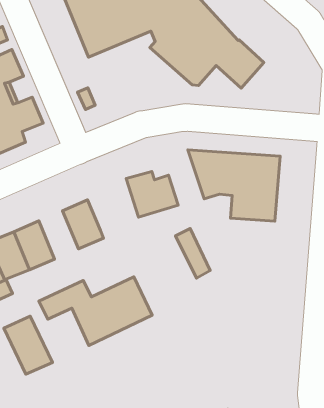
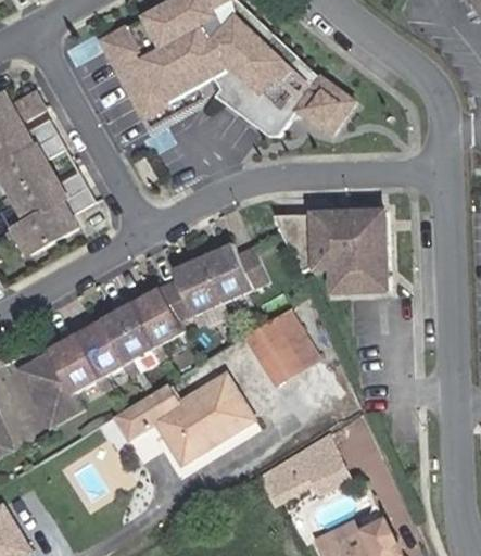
building: none -> [157,258,220,324]
building: none -> [102,305,153,364]
building: none -> [243,320,298,383]
building: [4,316,52,374] -> none
building: none -> [253,434,346,508]

